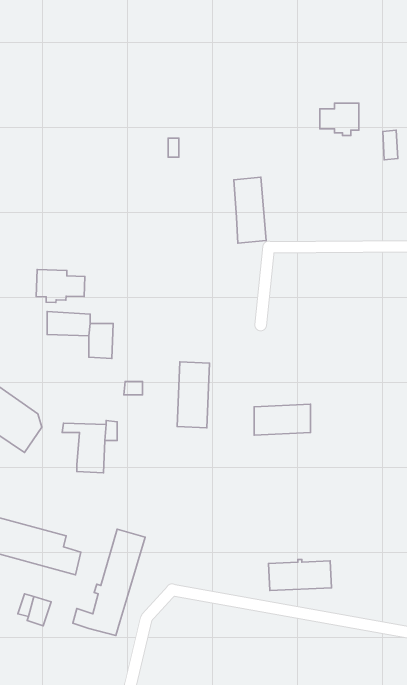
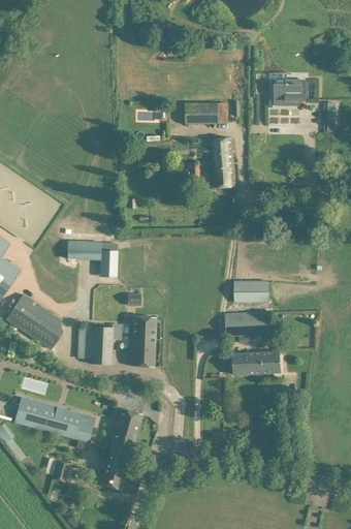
building: none -> [186,103,220,125]
building: [36,270,85,302] -> none
building: [177,362,209,428] -> [131,316,156,367]
building: none -> [234,282,269,302]
building: [268,560,332,590] -> [232,350,281,374]

